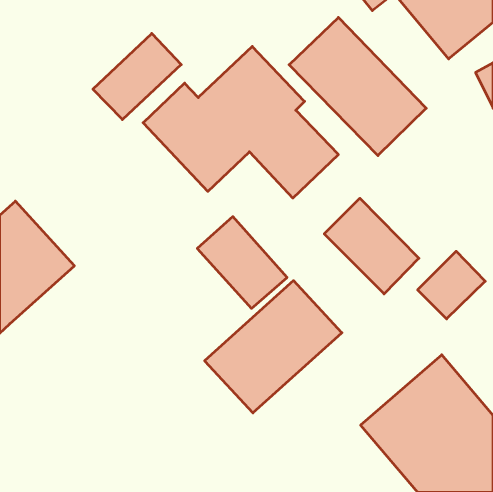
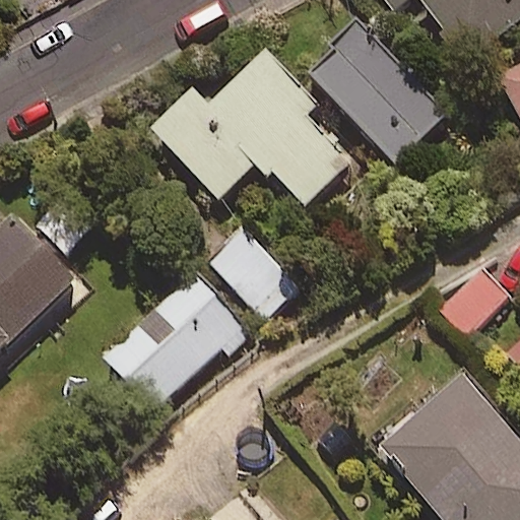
building: [93,33,181,120] -> none
building: [324,198,419,294] -> none
building: [205,281,342,413] -> [102,272,246,411]

